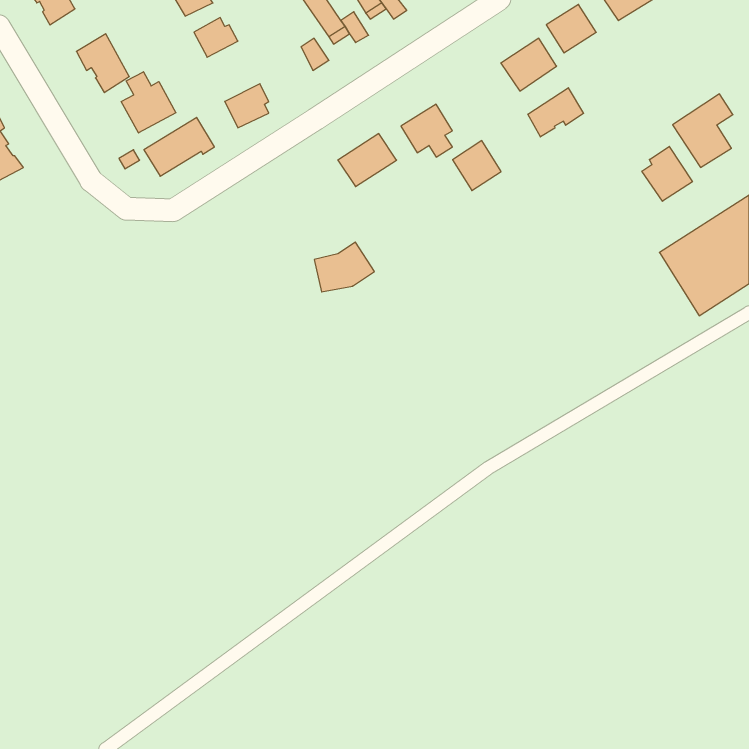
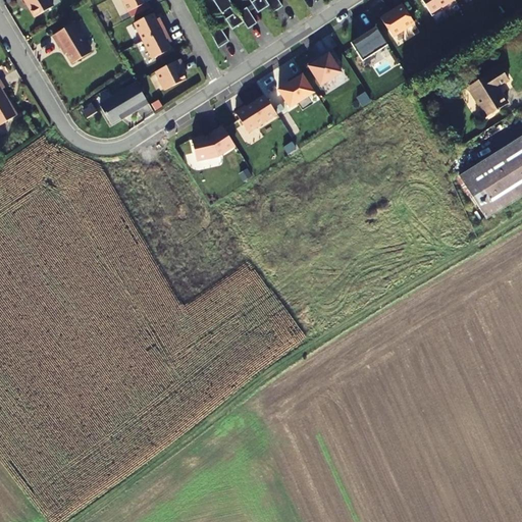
building: none -> [144,29,172,58]
building: [121,72,176,133] -> none
building: [528,88,584,137] -> none
building: [453,141,501,191] -> [307,50,341,85]
building: [642,146,692,201] -> none
building: [314,242,374,292] -> [192,124,233,159]

